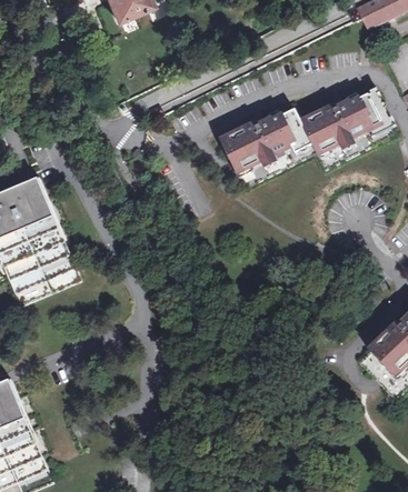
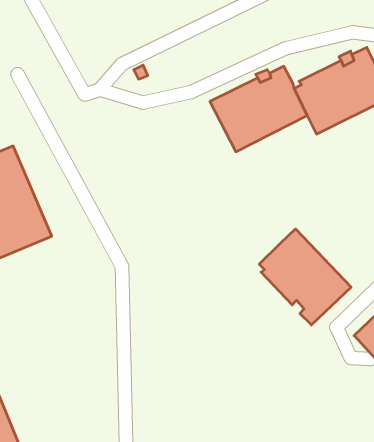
building: none -> [259,229,351,325]

